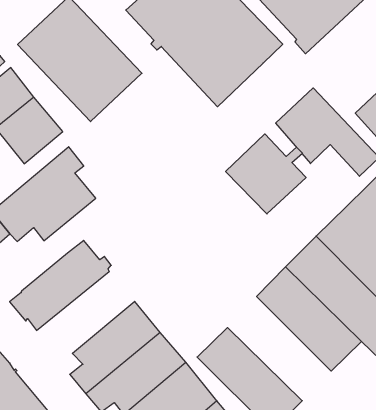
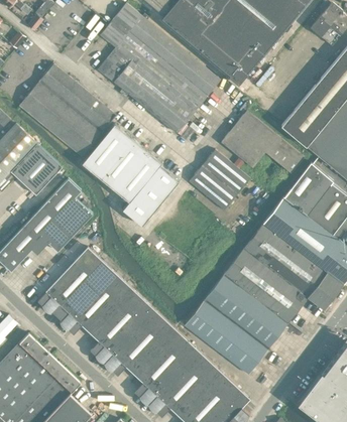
building: none -> [82,124,179,226]
building: none -> [60,269,133,334]
building: none -> [205,274,287,348]

